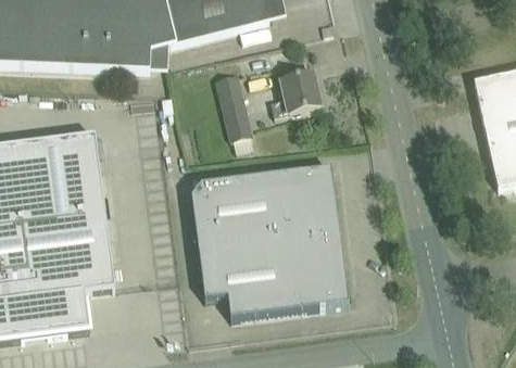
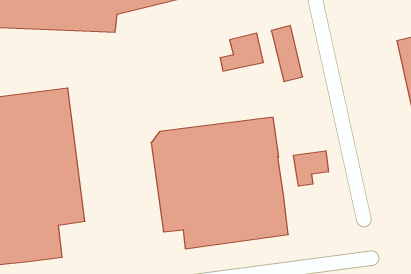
building: [216,73,252,137] -> [271,26,303,81]
building: none -> [293,151,328,186]

